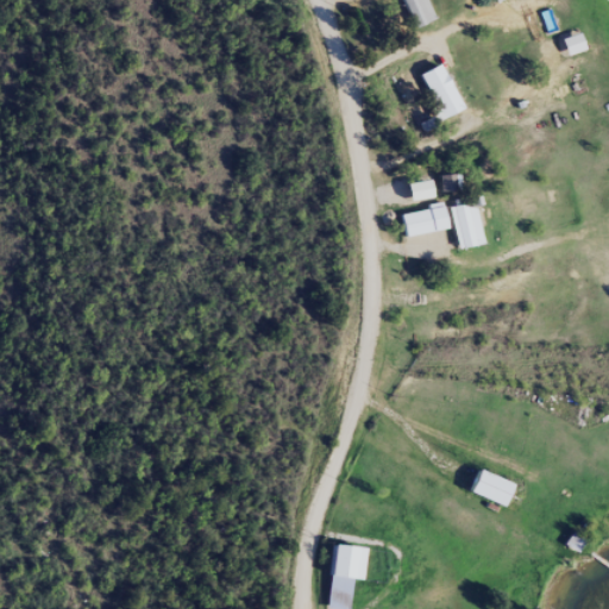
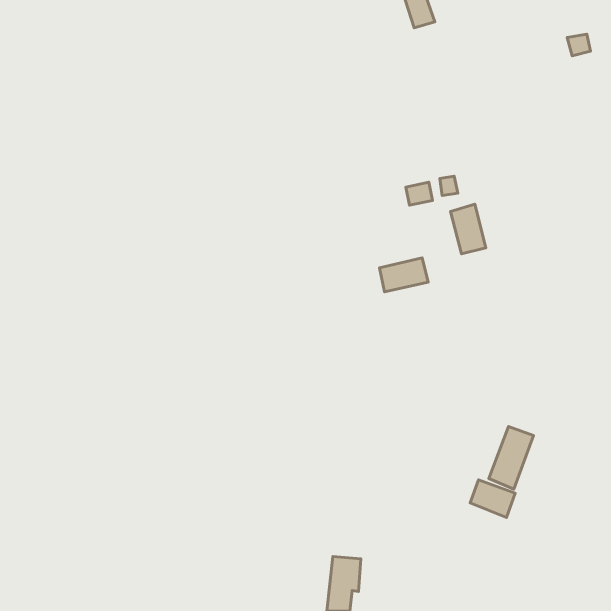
building: [426,63,465,119] -> none
building: [403,203,451,237] -> [380,258,428,292]
building: none -> [489,426,534,489]

